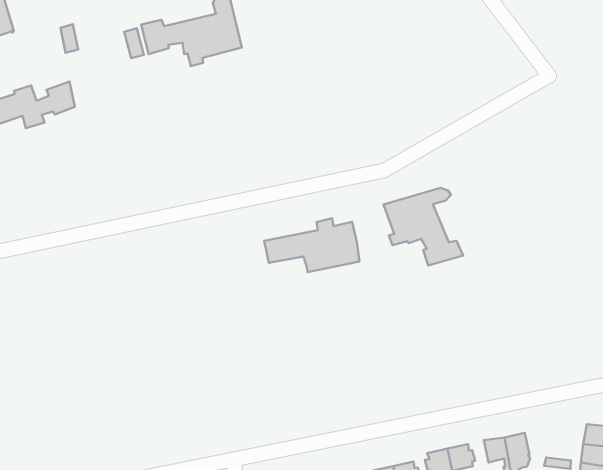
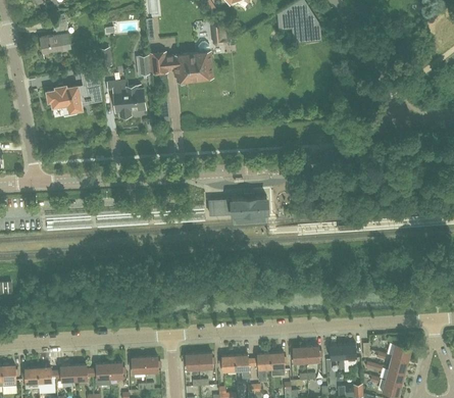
building: none -> [106,81,144,116]
building: [383,188,463,266] -> none

